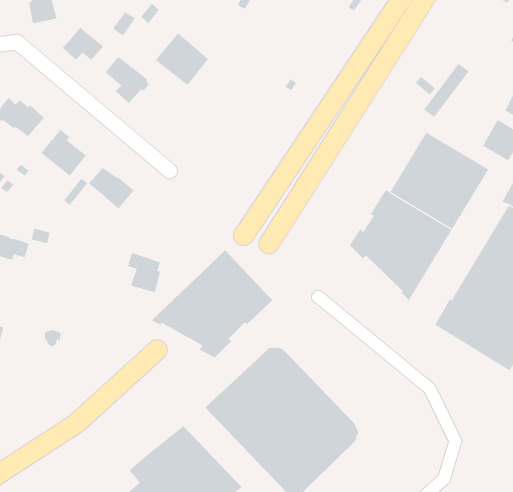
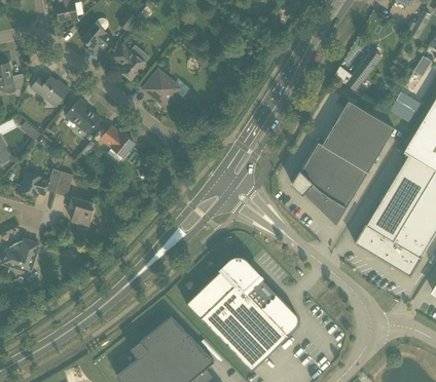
building: [156,33,209,86] -> [142,69,181,108]
building: [151,250,273,358] -> none
building: [127,252,161,293] -> [69,196,94,226]

